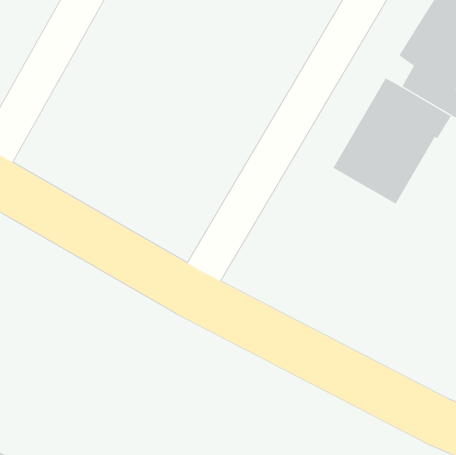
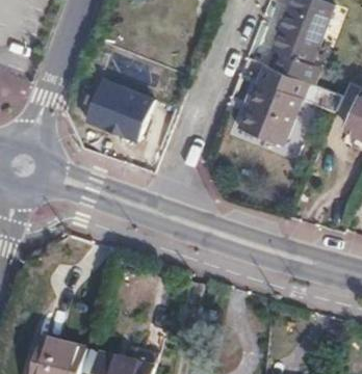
building: none -> [82,80,154,145]

